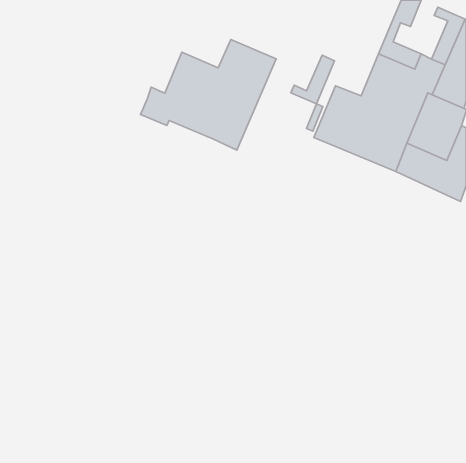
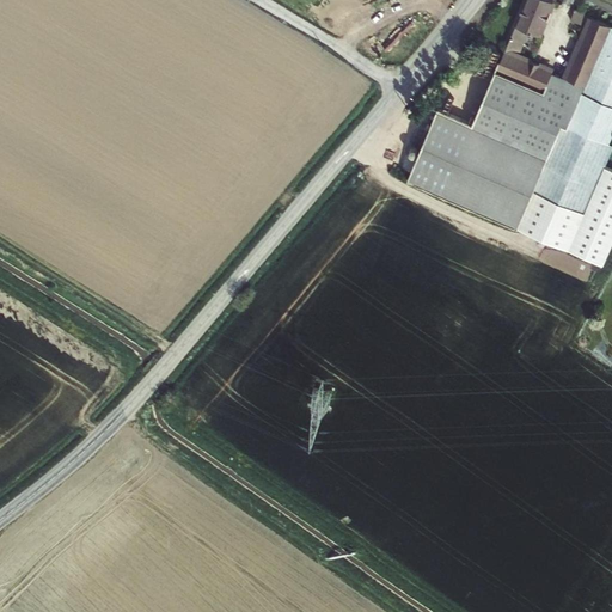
building: [141,40,276,150] -> none
building: [291,55,335,104] -> none

